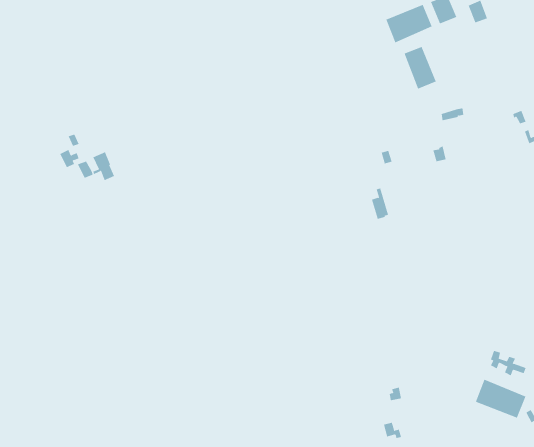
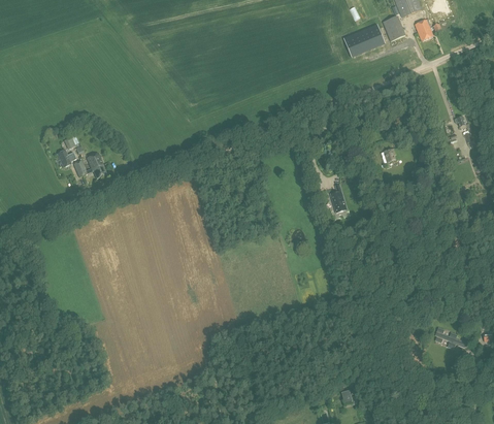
building: [404,46,436,89] -> none
building: [475,379,526,418] -> none

